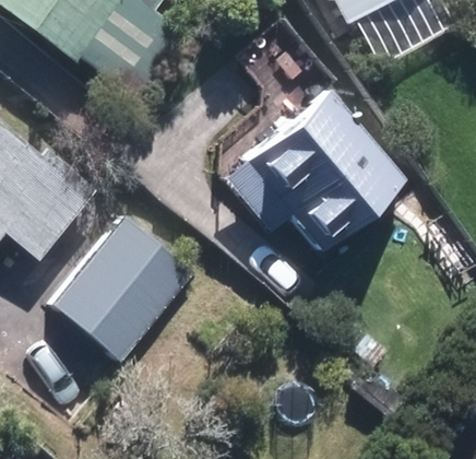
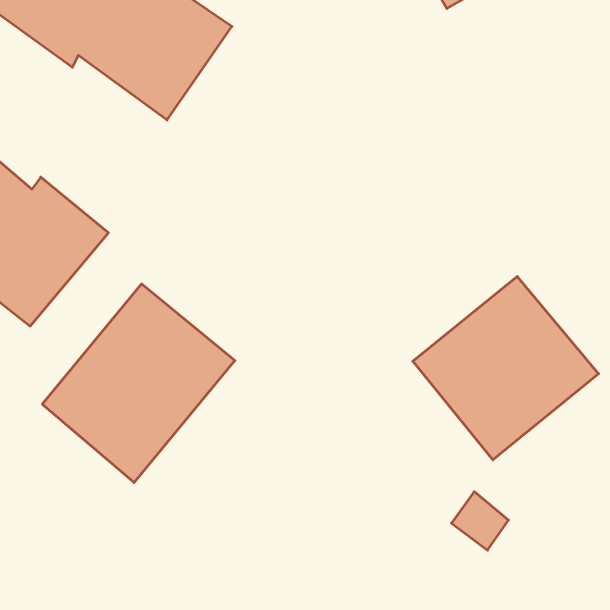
building: [223,84,400,243] -> none
building: none -> [413,276,599,460]

